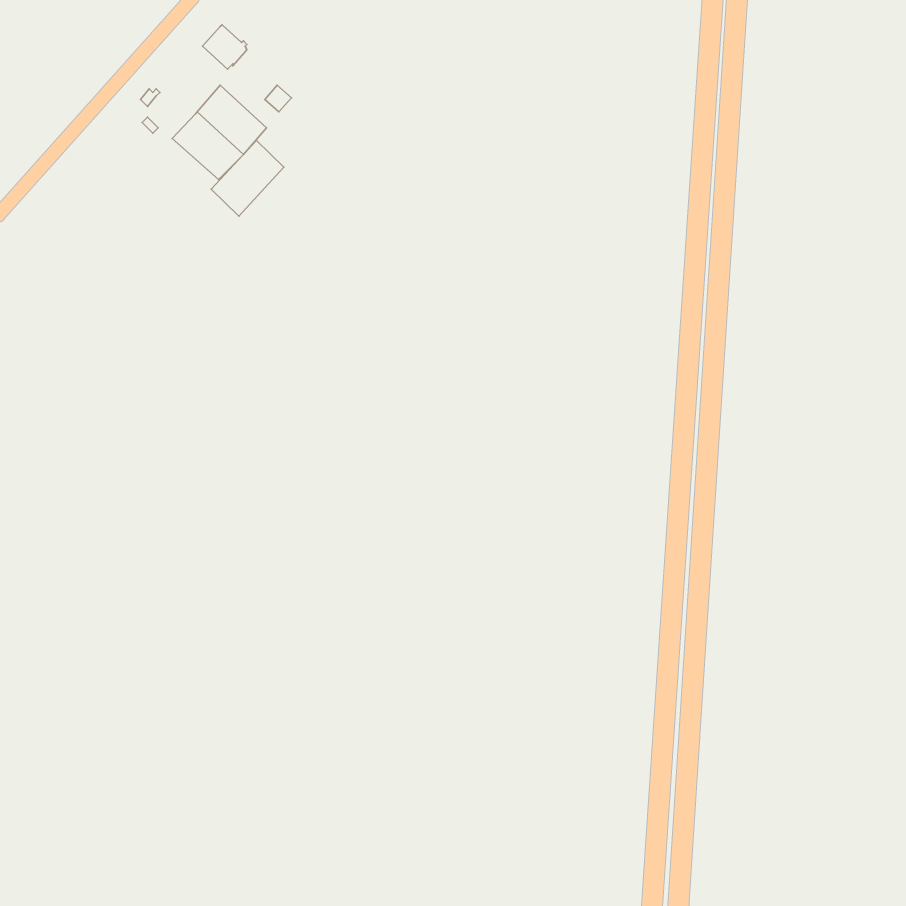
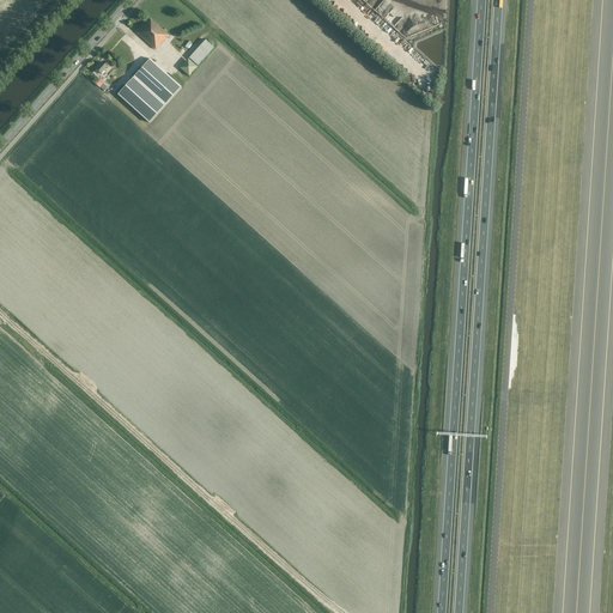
building: [211,140,284,216] -> none

